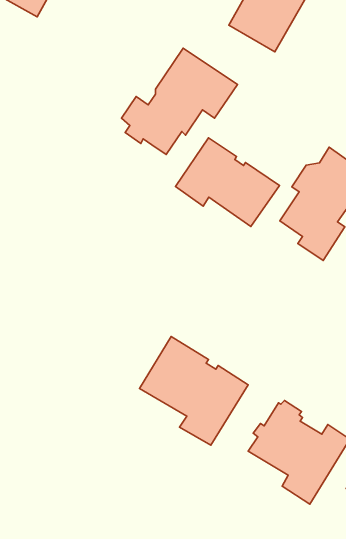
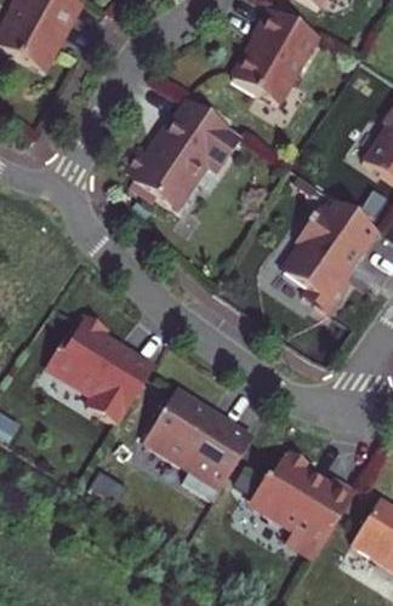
building: [176,138,279,227] -> none
building: none -> [49,314,155,423]

